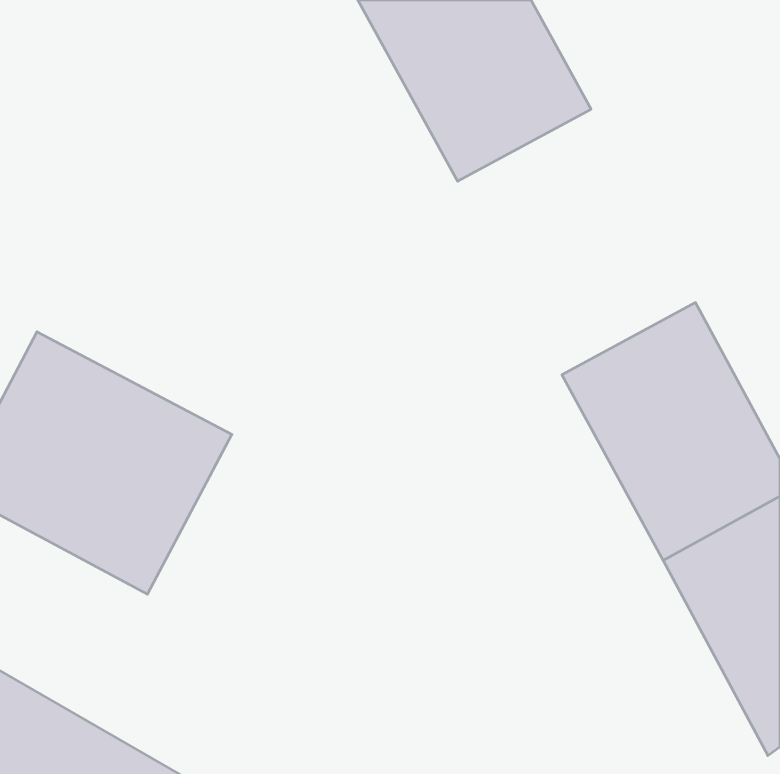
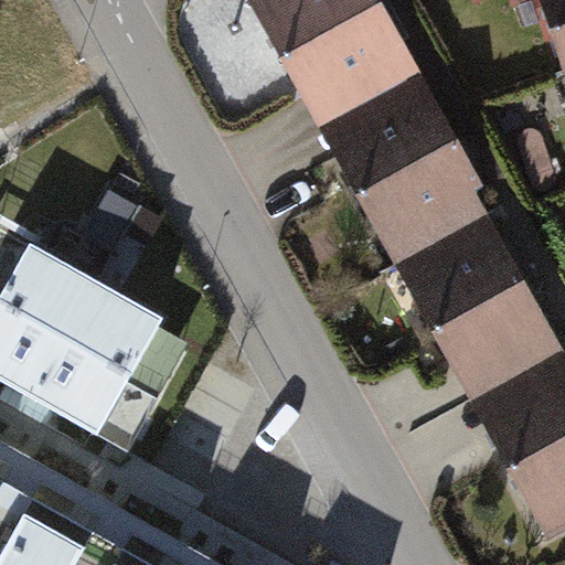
building: none -> [329,86,500,277]

